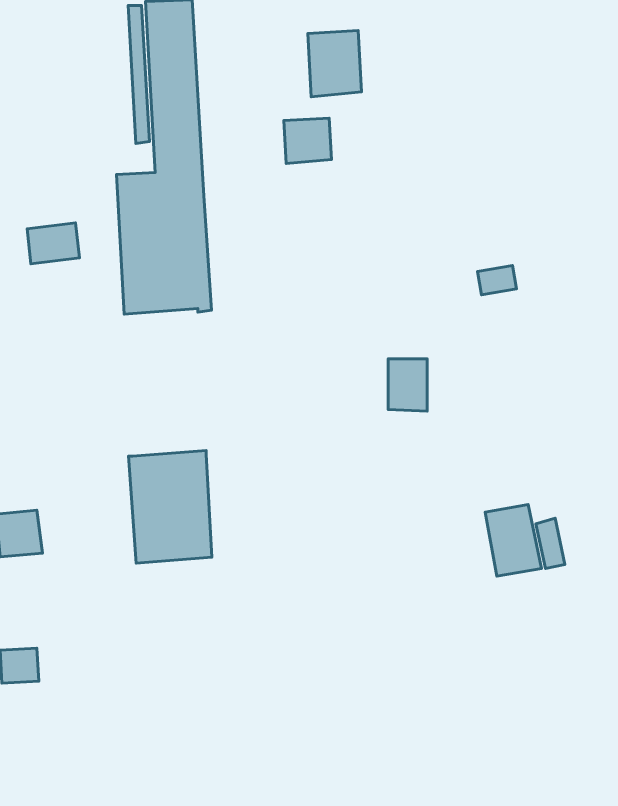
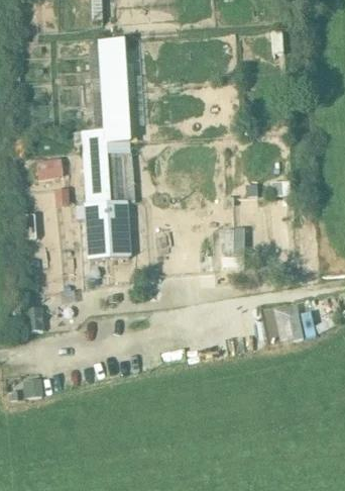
building: [308,31,361,97] -> none
building: [284,118,331,164] -> none
building: [128,451,212,563] -> [86,201,129,260]

